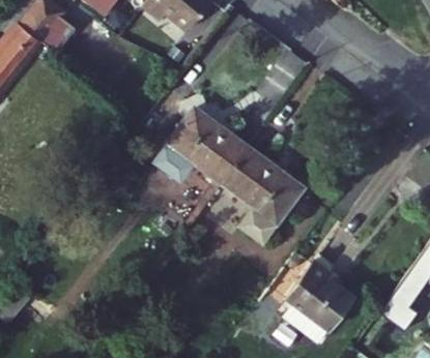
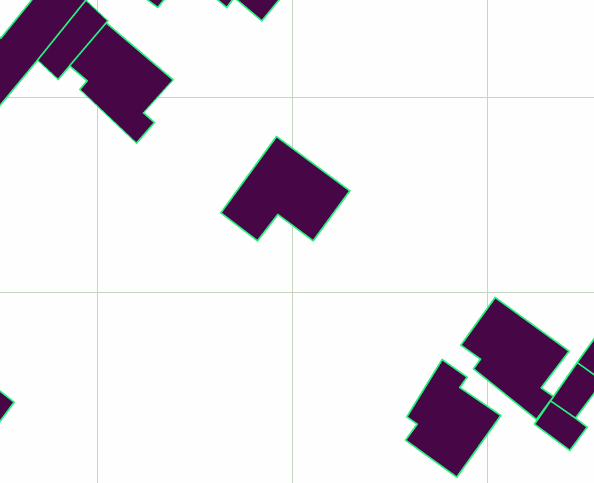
building: none -> [70,23,173,143]
building: [223,146,297,238] -> none
building: none -> [461,297,569,420]

